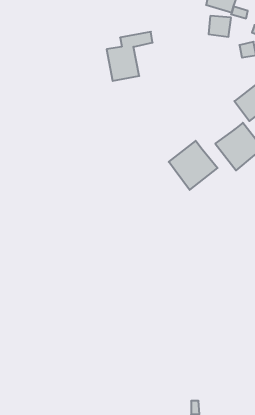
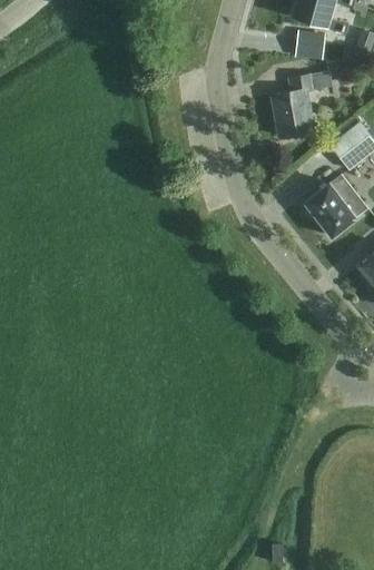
building: [107,32,153,81] -> [269,71,331,137]
building: [169,141,218,190] -> none

